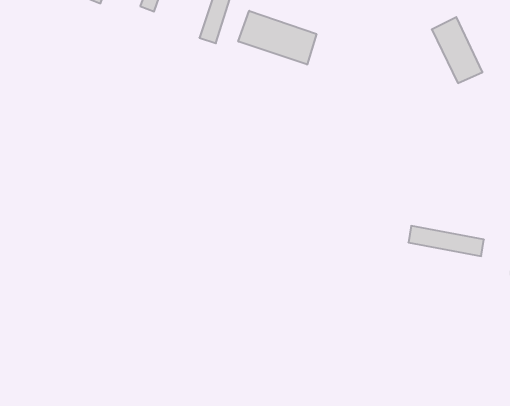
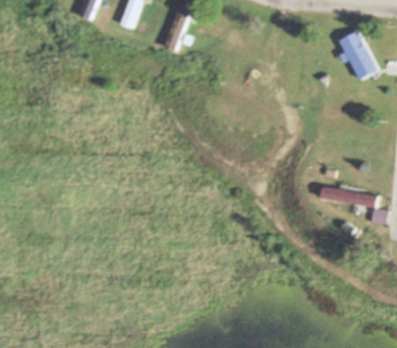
building: [238,11,316,65] -> none

